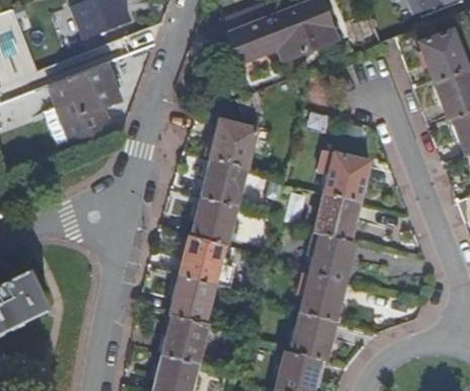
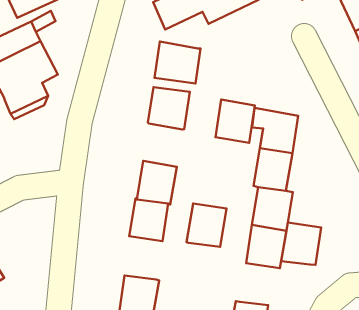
building: none -> [154,42,200,84]
building: [202,158,246,206] -> [216,100,255,143]
building: [171,274,215,322] -> [187,203,227,247]
building: [290,313,335,360] -> [281,222,321,265]

